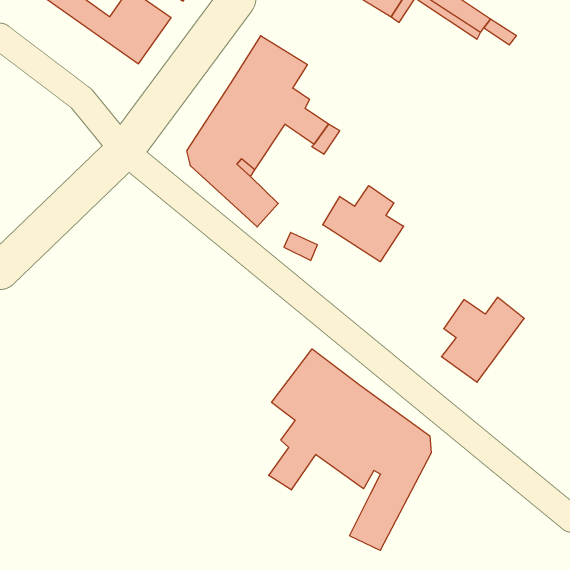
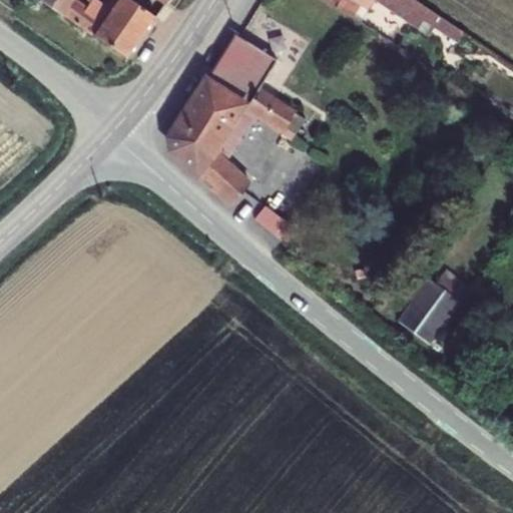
building: [323,186,404,262] -> none
building: [269,349,431,550] -> none

